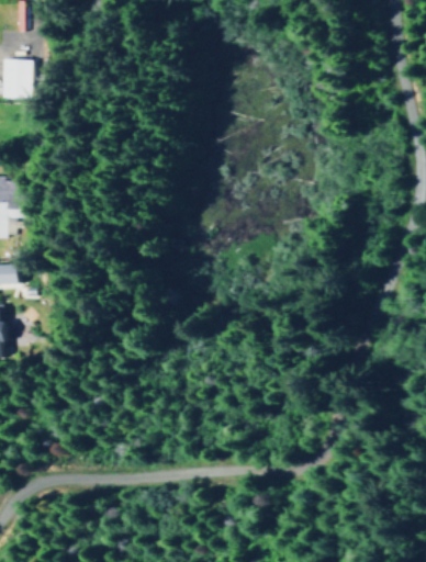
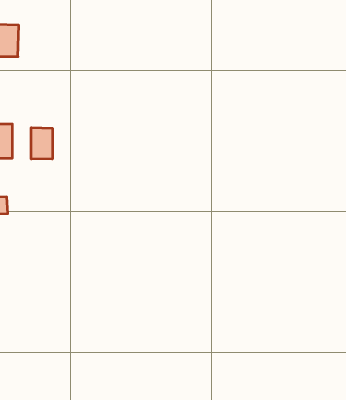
building: none -> [31,128,52,159]

